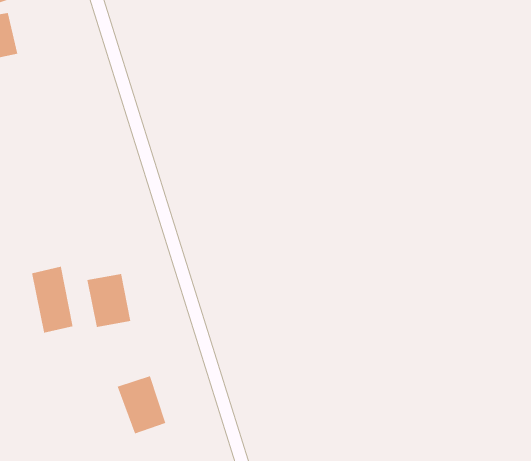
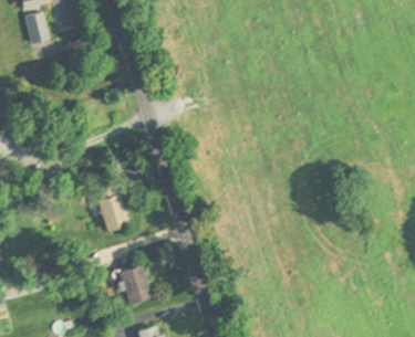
building: [32,266,73,334] -> none

